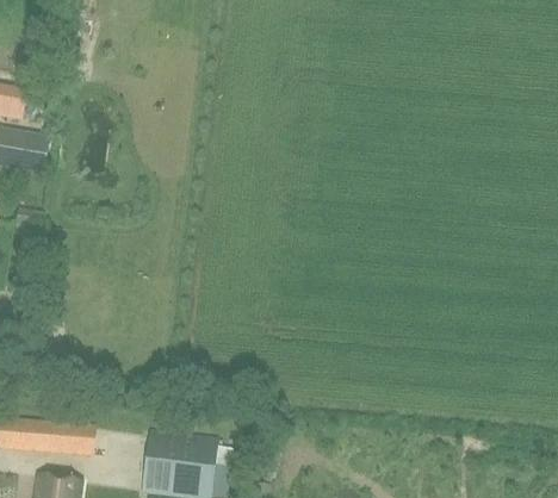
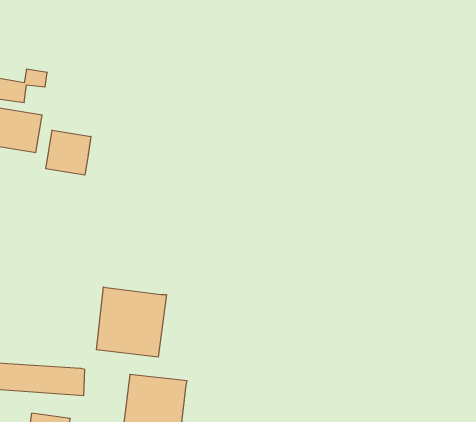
building: none -> [46,130,91,175]
building: none -> [96,287,166,357]

